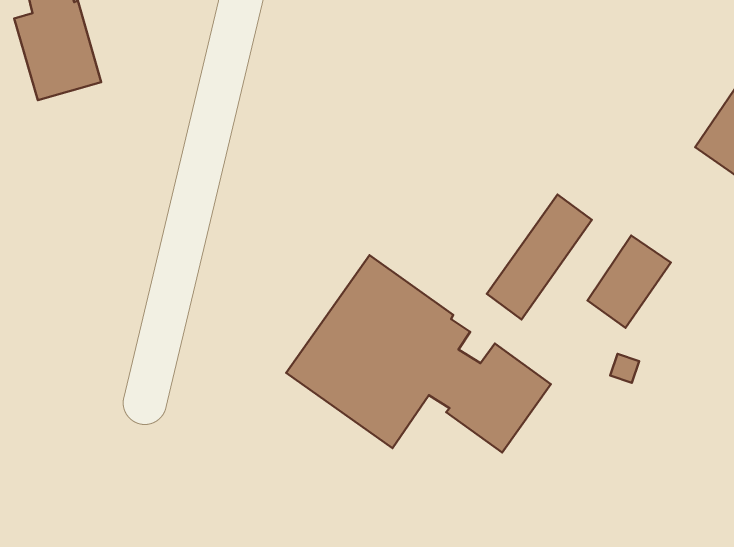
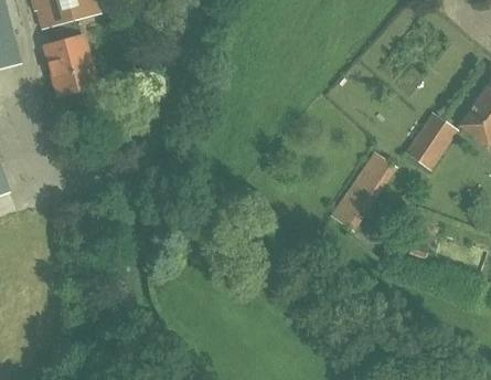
building: [588,235,671,328] -> [405,112,456,168]
building: [286,255,551,453] -> none

